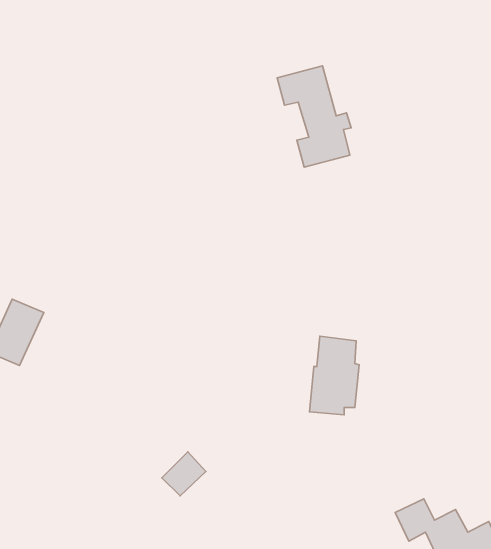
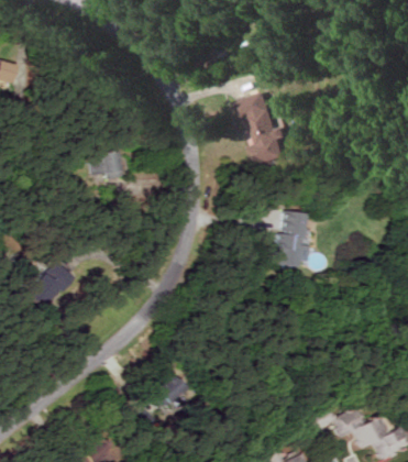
building: none -> [88,152,125,180]
building: [309,336,359,415] -> [273,209,309,266]

